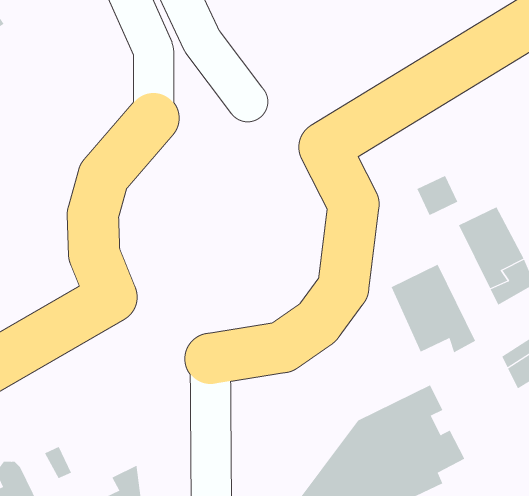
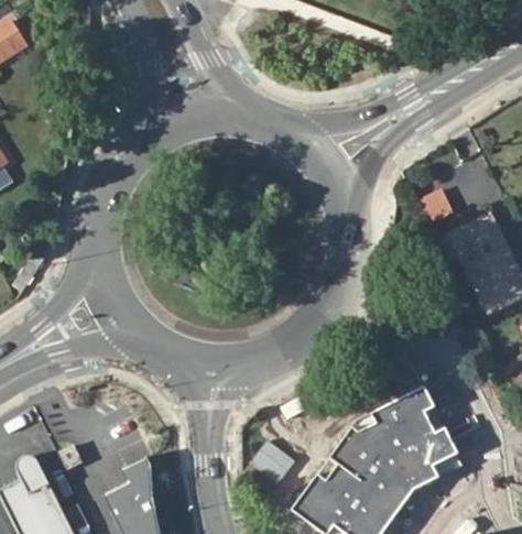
building: [391,264,476,353] -> none

